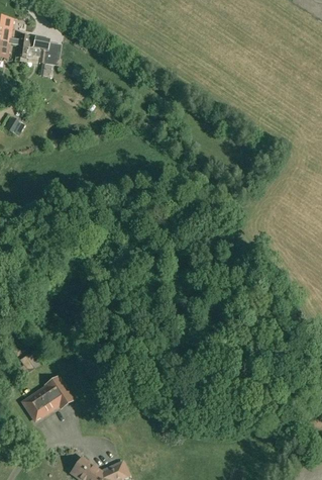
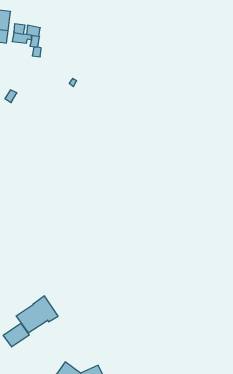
building: none -> [3,323,29,347]

